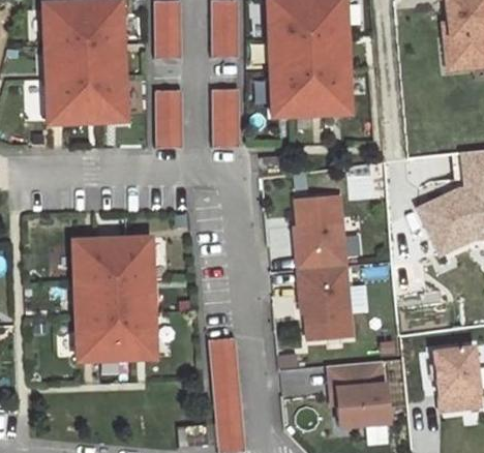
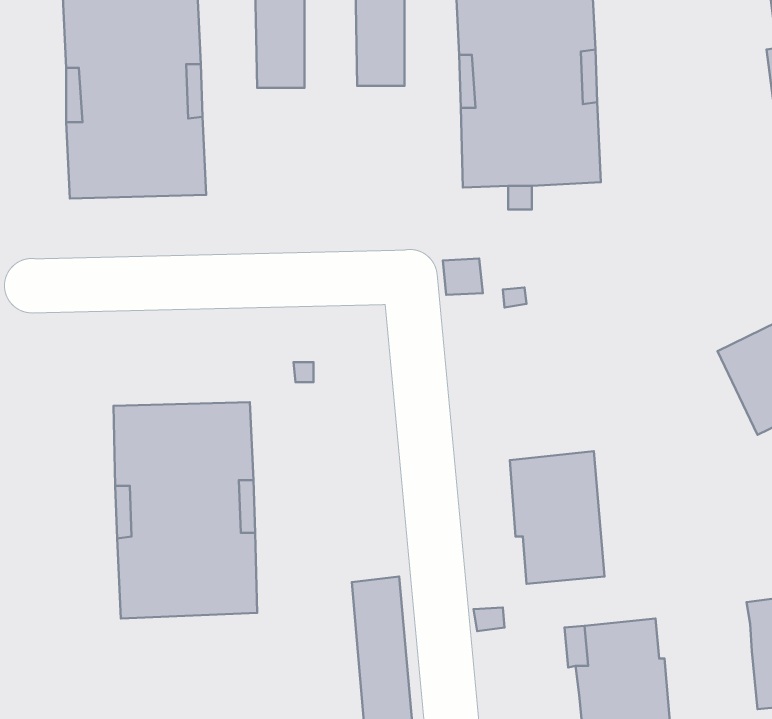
building: [212,88,240,147] -> none
building: [156,89,183,148] -> none
building: [295,195,346,271] -> none

